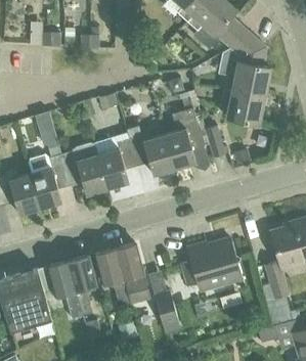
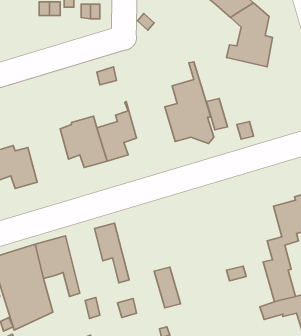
building: [222,86,264,122] -> none
building: [27,110,70,208] -> none
building: [126,126,174,174] -> none
building: [179,236,242,287] -> none
building: [115,242,148,303] -> none
building: [67,255,95,316] -> none

